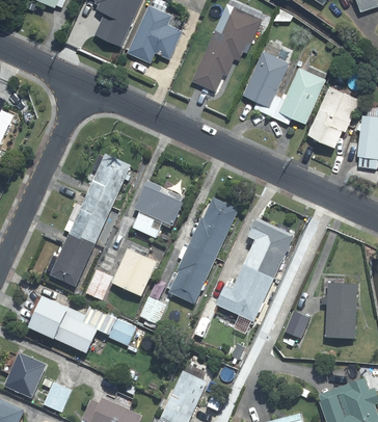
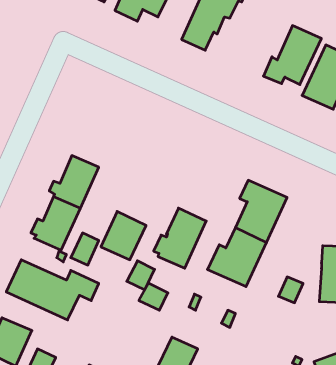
building: [242,51,290,116] -> none
building: [85,152,130,205] -> none
building: [132,179,184,237] -> none
building: [188,196,238,257] -> none
building: [106,318,134,344] -> [139,283,168,310]

